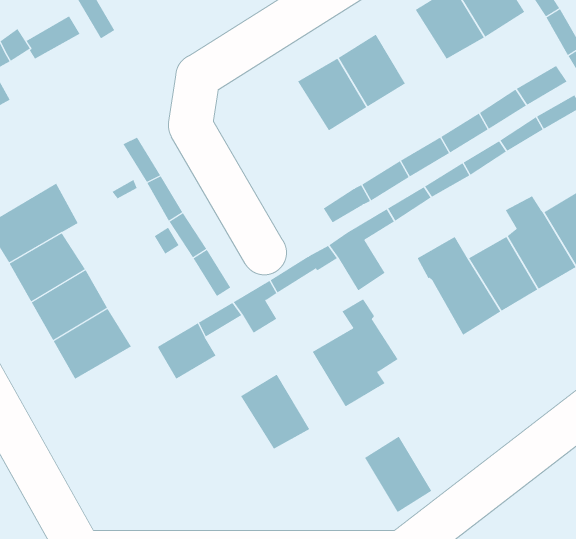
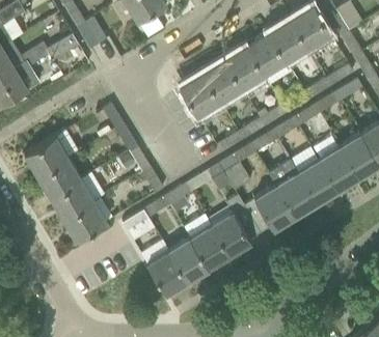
building: none -> [246,33,293,87]
building: none -> [180,74,219,115]
building: none -> [244,186,295,230]
building: none -> [147,251,188,294]
building: [364,436,432,513] -> [190,226,228,270]

